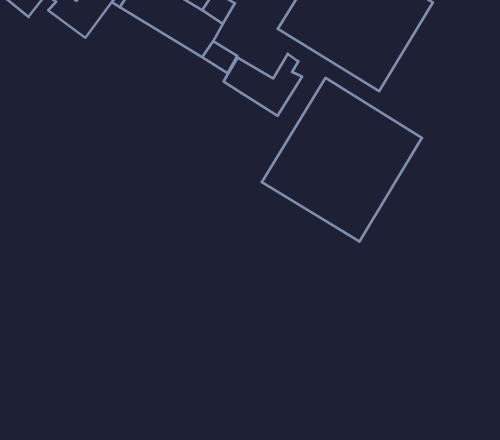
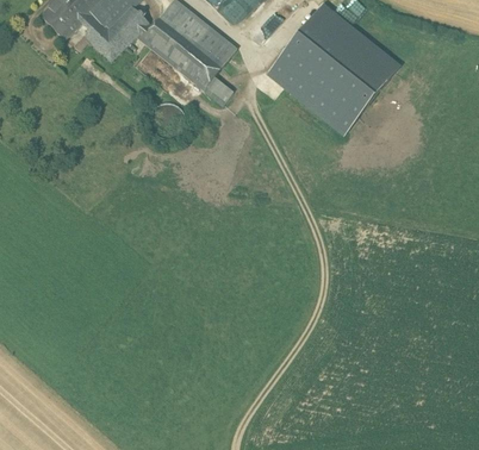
building: [224,54,302,116] -> none
building: [262,78,422,242] -> none

